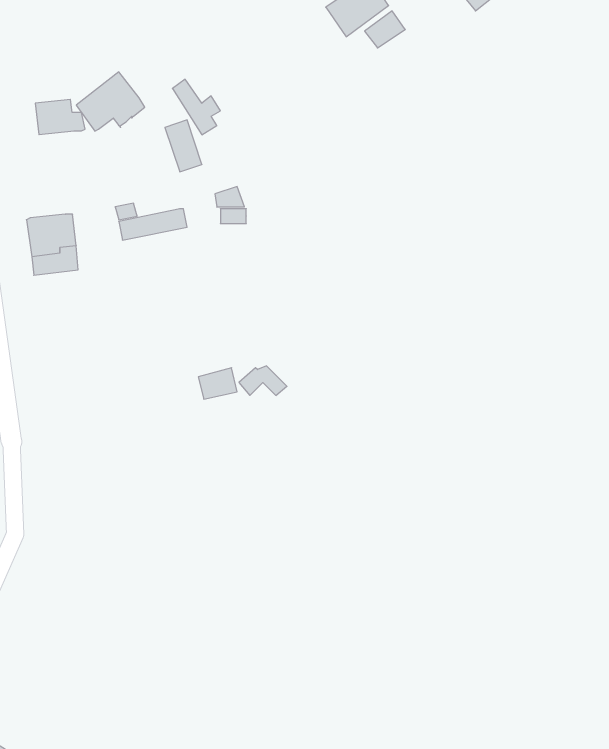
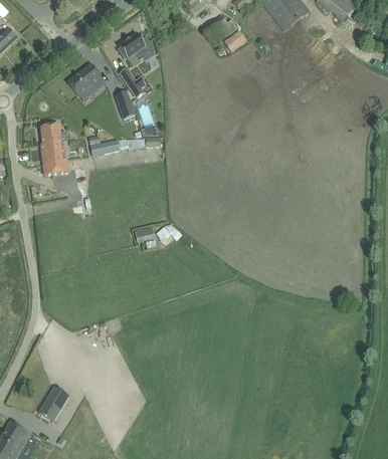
building: none -> [119,33,155,59]
building: [35,99,85,135] -> [40,124,67,143]
building: none -> [38,386,69,420]

